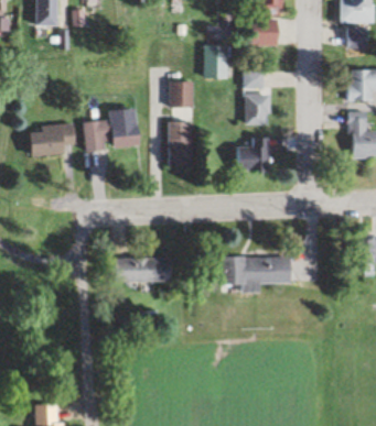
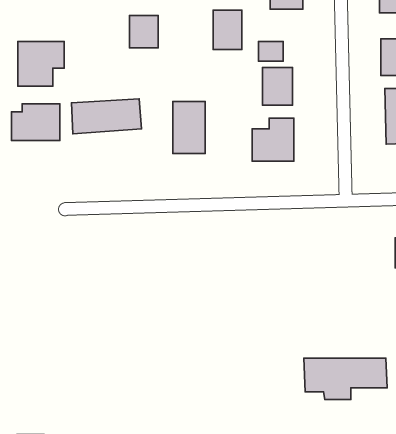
building: none -> [18,42,64,86]
building: [169,80,193,108] -> [129,15,158,48]
building: [223,256,293,292] -> [304,358,387,400]
building: [115,258,174,282] -> none

